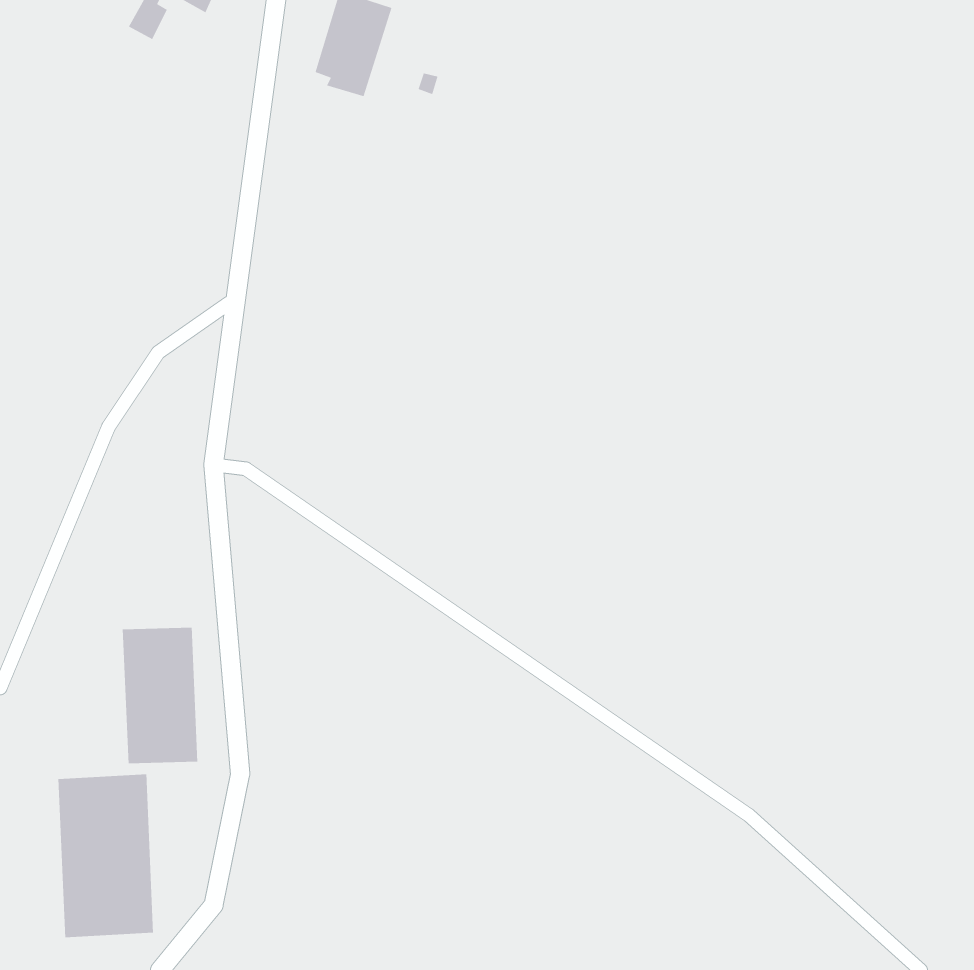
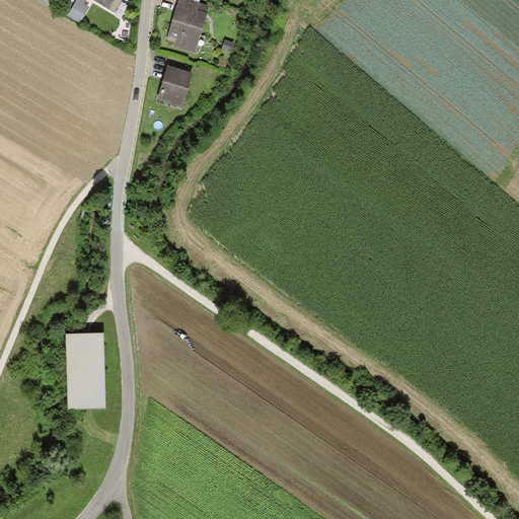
building: none -> [157,65,193,105]
building: [58,773,154,938] -> none

